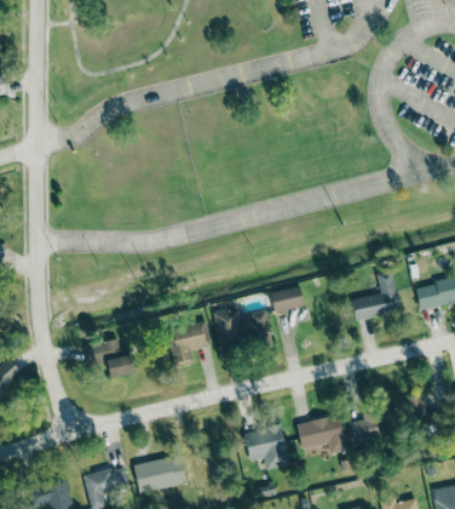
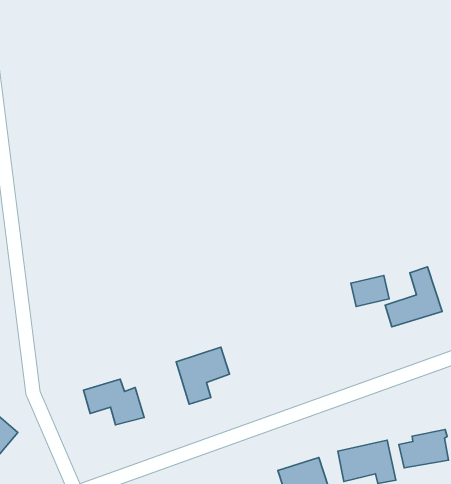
building: [271,287,303,311] -> [351,275,389,307]
building: [213,308,272,350] -> none

